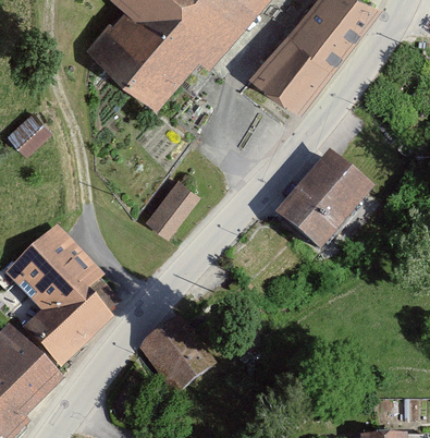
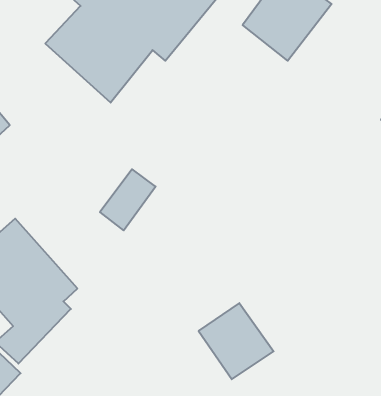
building: [253,27,334,109] -> none
building: [275,156,369,252] -> none
building: [140,319,217,397] -> [199,303,274,379]

